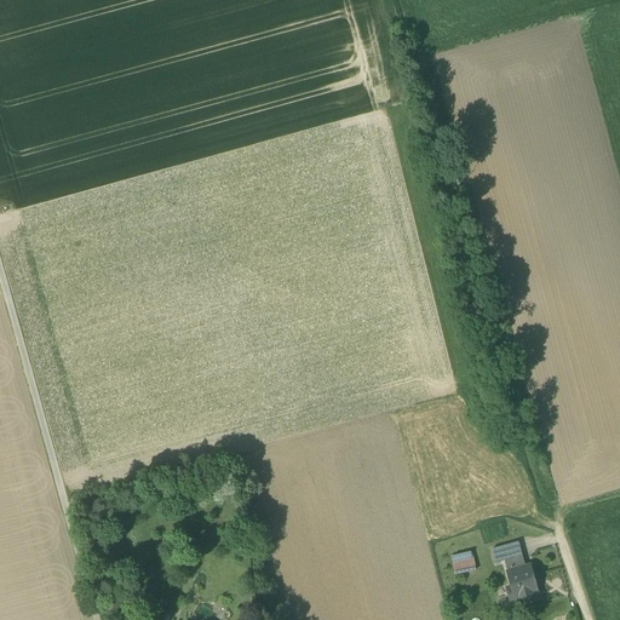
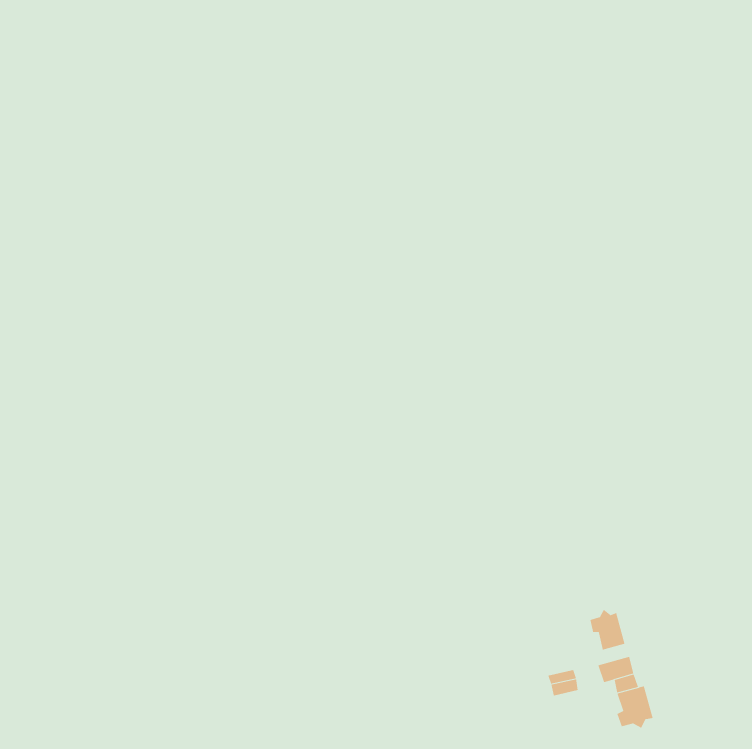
building: none -> [590,609,625,651]

